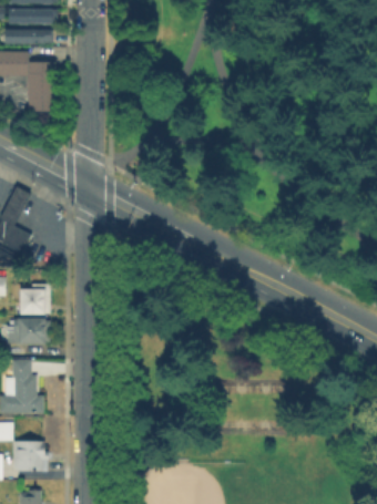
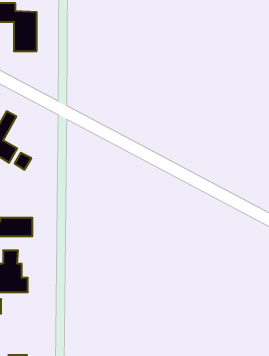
building: [21,287,52,313] -> none
building: [14,443,45,471] -> none

